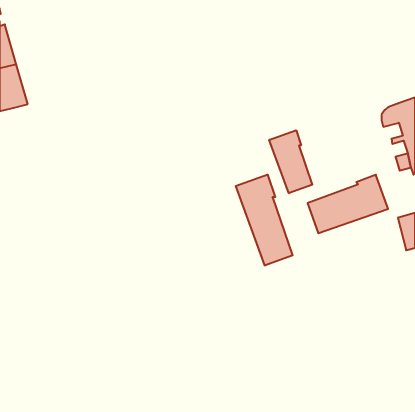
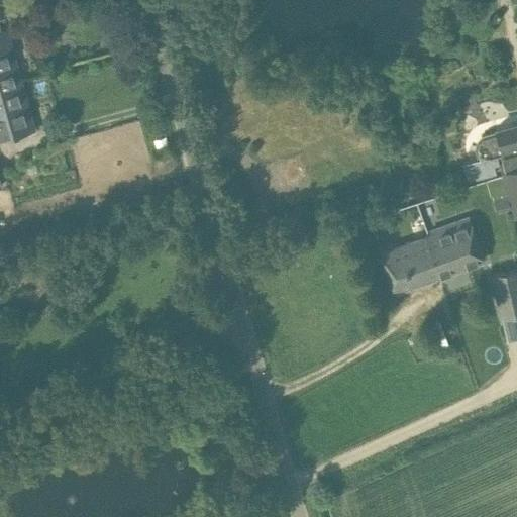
building: [269,130,312,193] -> none
building: [236,175,293,266] -> none

